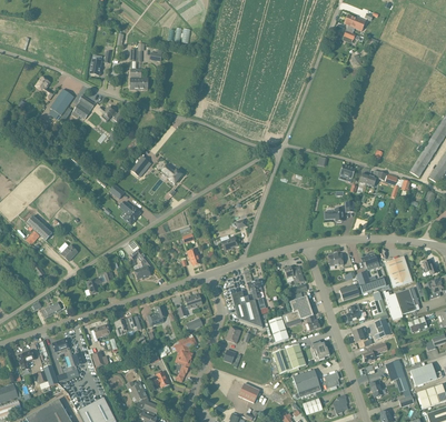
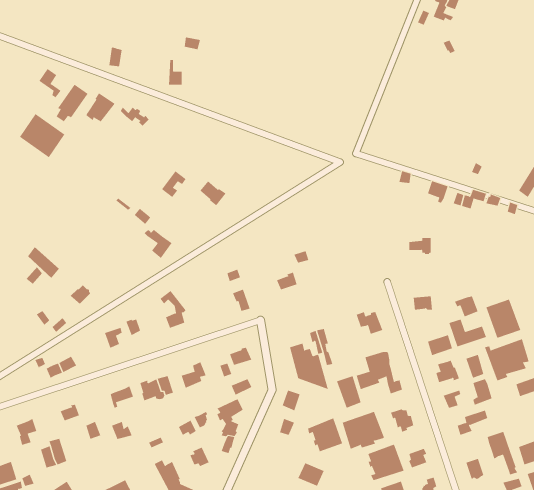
building: none -> [19,113,65,158]
building: none -> [307,417,343,452]

